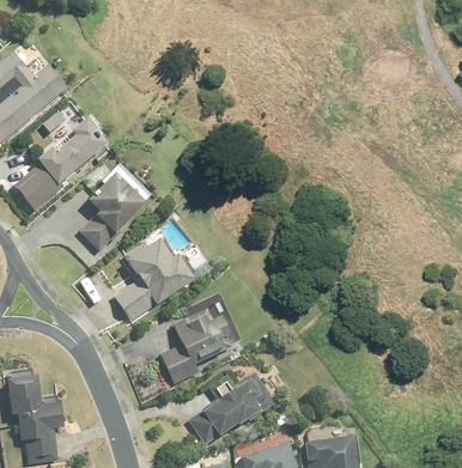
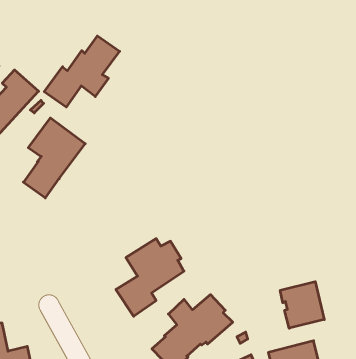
building: none -> [44,36,120,107]
building: [113,235,196,322] -> none
building: none -> [280,282,324,328]

